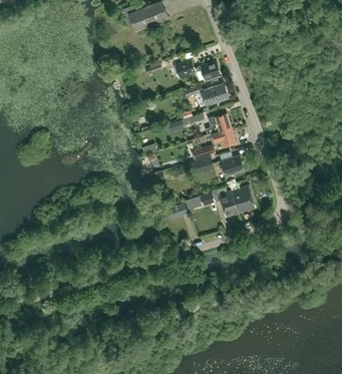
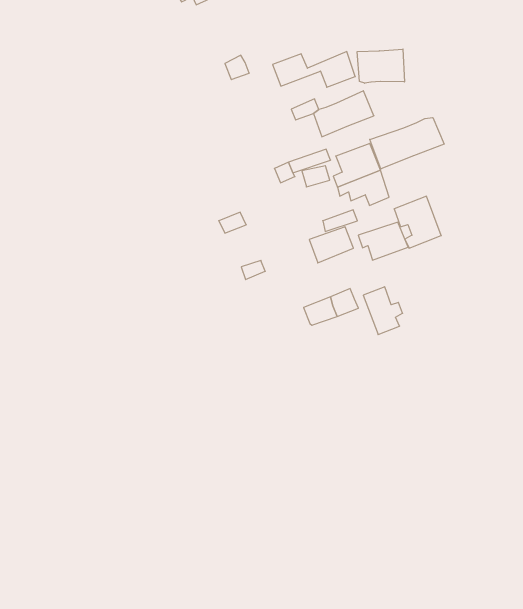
building: none -> [357,49,404,83]
building: none -> [370,118,444,169]
building: [231,185,256,214] -> [394,196,441,248]

